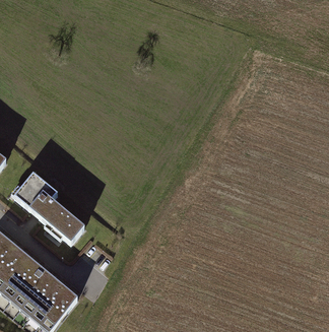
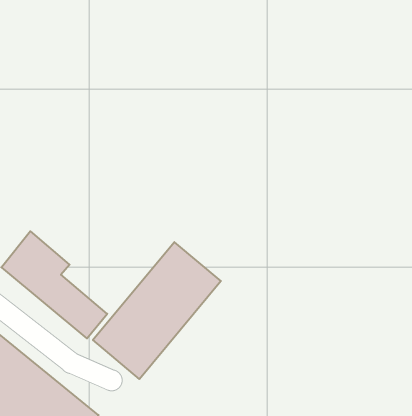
building: none -> [93,242,221,379]

